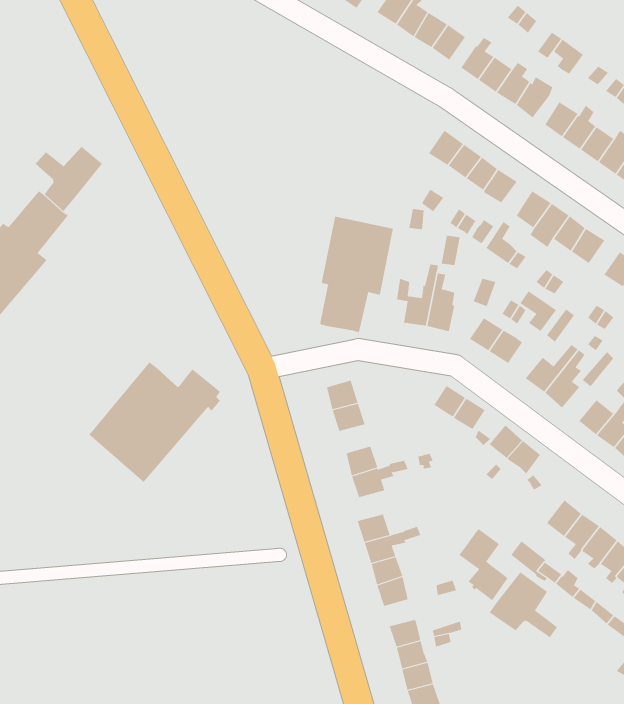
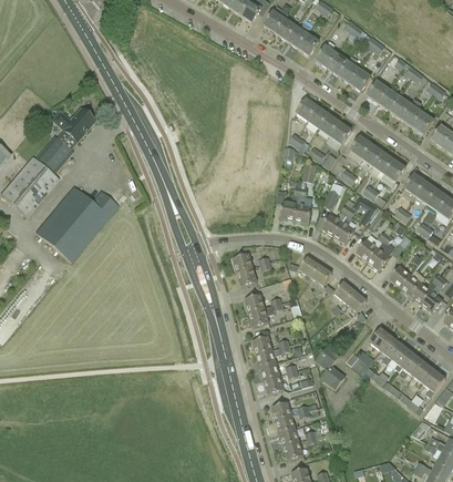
building: [320,216,394,333] -> none
building: [88,361,221,483] -> [35,185,117,260]
building: [489,571,558,638] -> none

